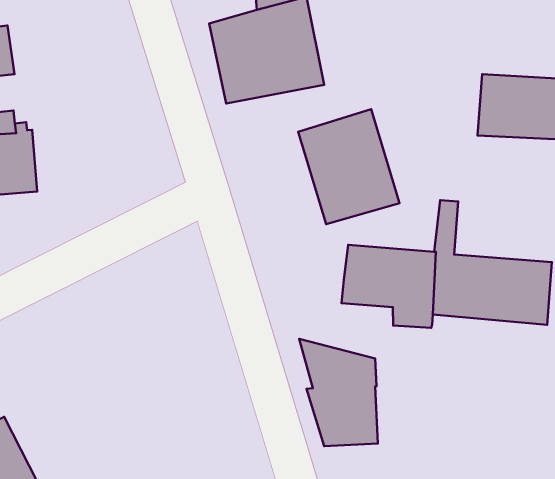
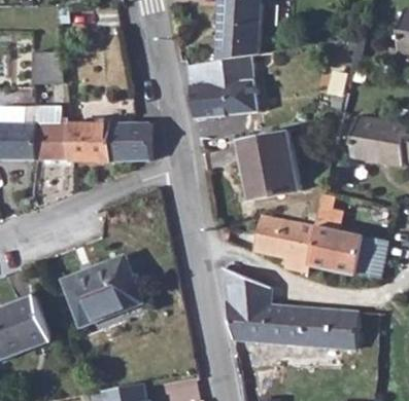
building: none -> [69,121,145,160]
building: none -> [60,258,140,330]
building: none -> [266,305,359,349]

